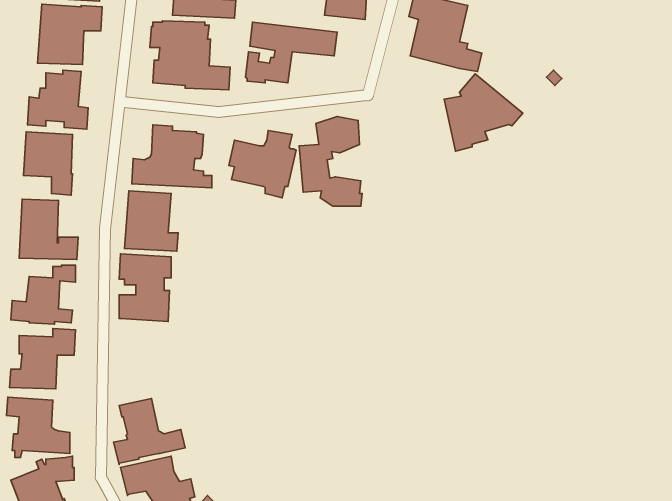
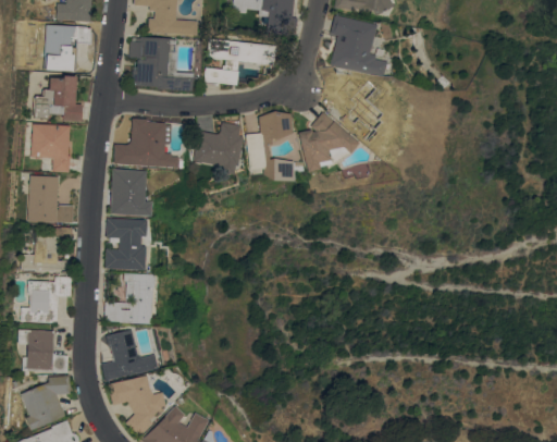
building: [444,74,523,151] -> [298,112,359,172]
building: none -> [104,273,153,323]

